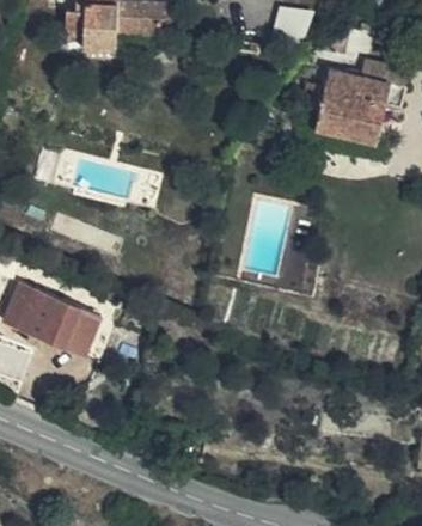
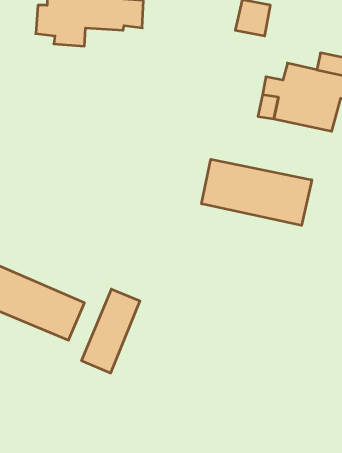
building: none -> [202,159,312,225]
building: none -> [82,289,140,373]

